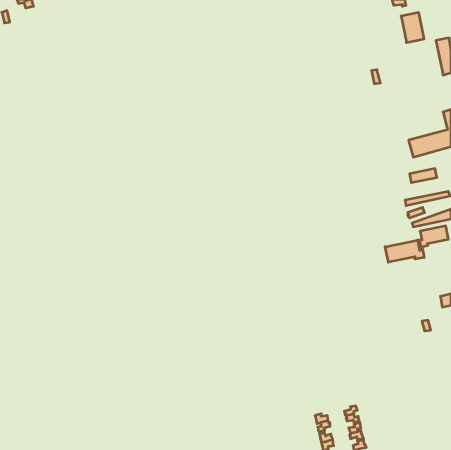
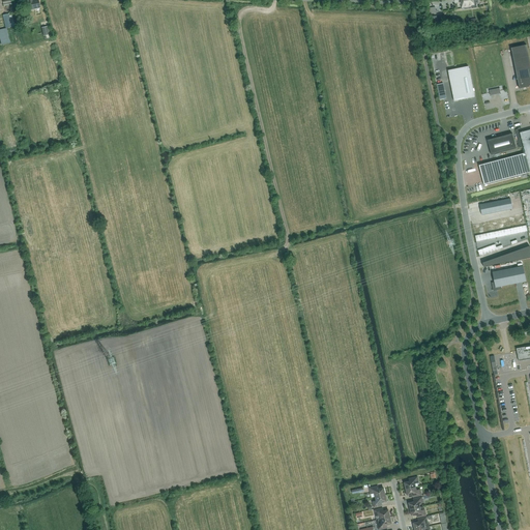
building: [401,13,424,43] -> [448,65,475,100]
building: none -> [488,132,517,154]
building: [385,240,424,262] -> none

